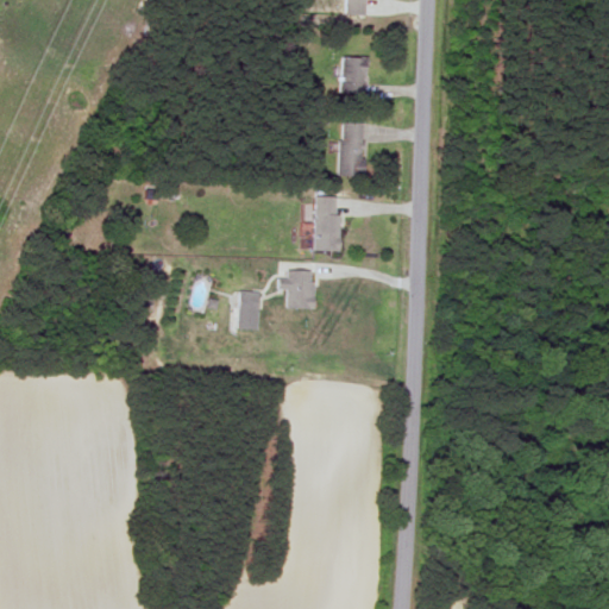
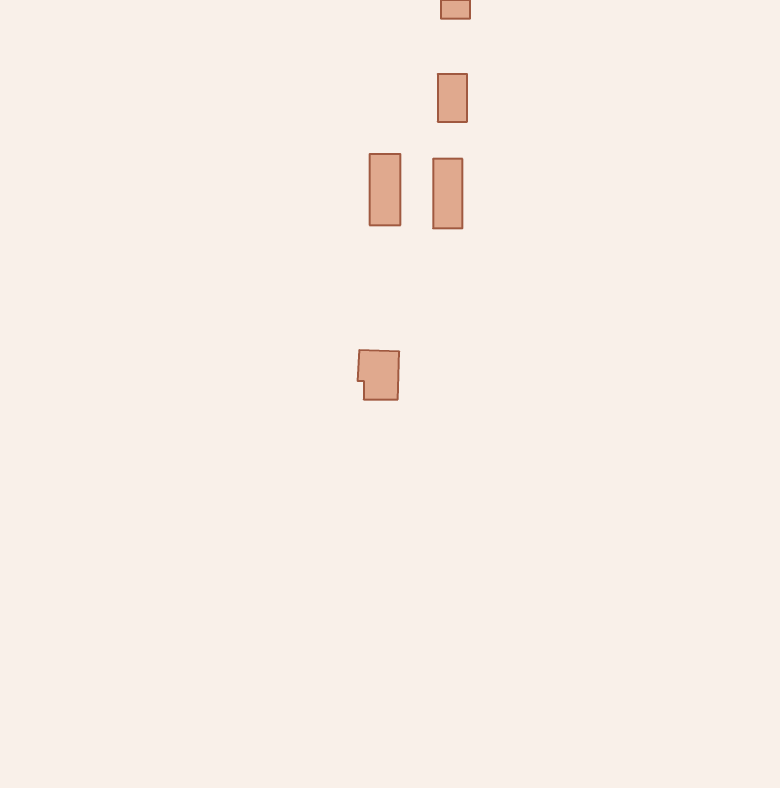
building: [315,196,339,251] -> [370,154,400,225]
building: [241,290,263,329] -> none

